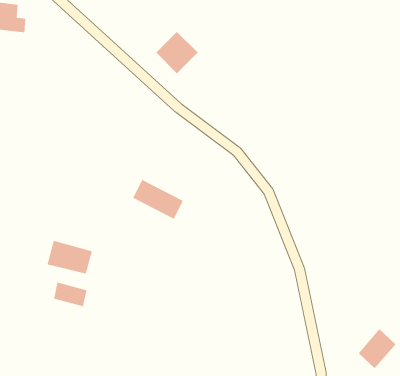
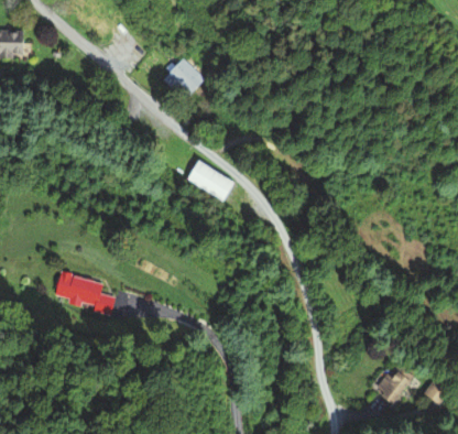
building: [132,179,184,220] -> [186,161,239,203]
building: [53,282,87,307] -> none

